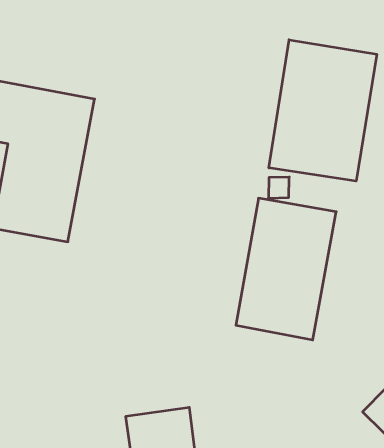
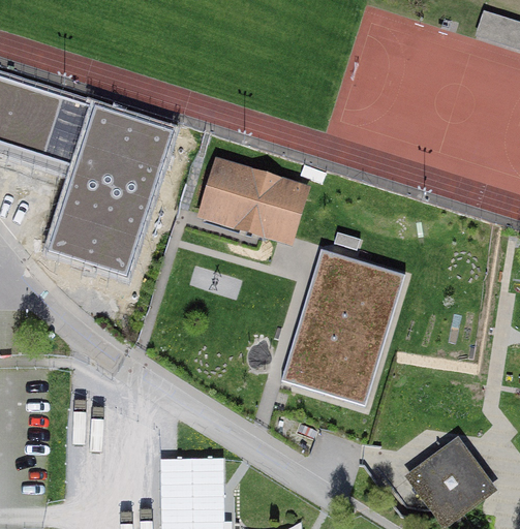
building: [269,40,377,181] -> none
building: none -> [195,161,308,245]

